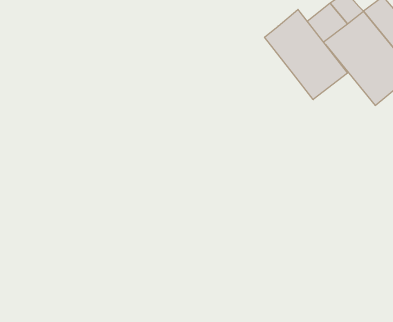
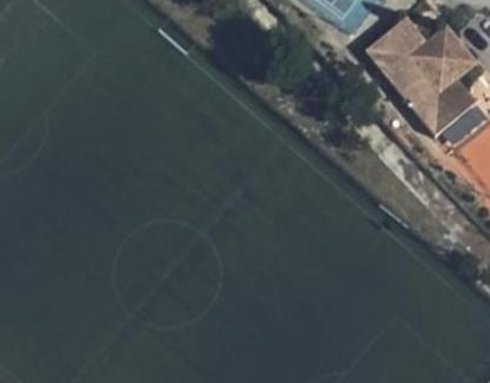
building: [265,9,347,100] -> none

